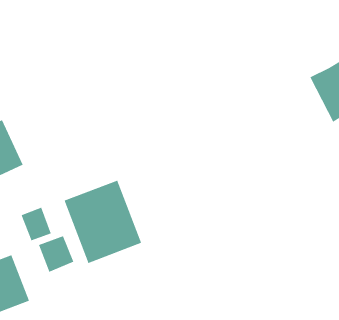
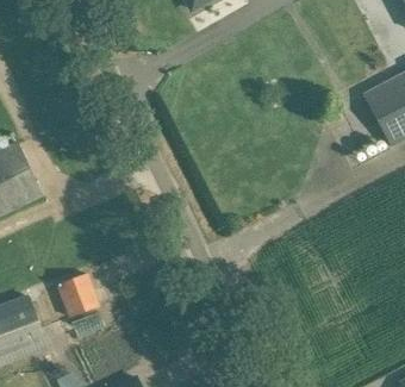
building: [64,180,142,264] -> none
building: [21,207,51,241] -> none

